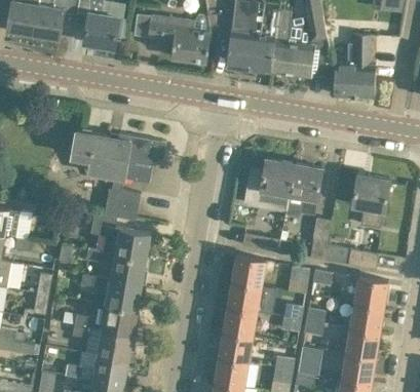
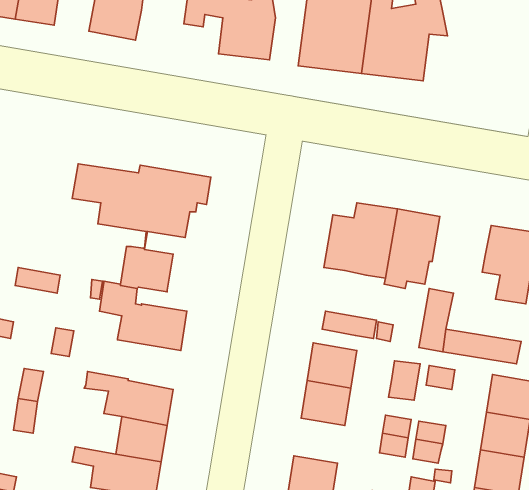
building: [334,35,375,96] -> none
building: [86,249,146,286] -> none
building: [223,306,258,337] -> none

